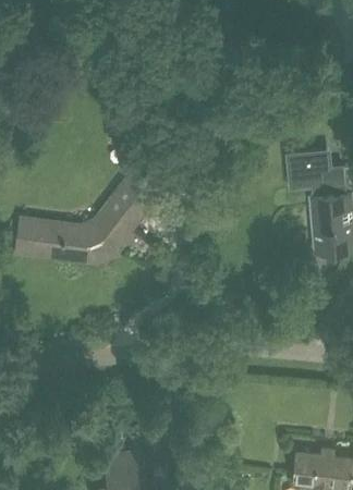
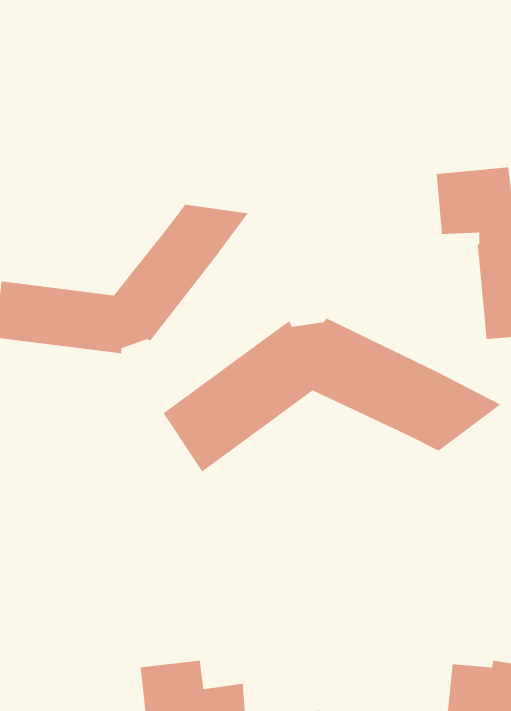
building: none -> [163,318,501,472]

